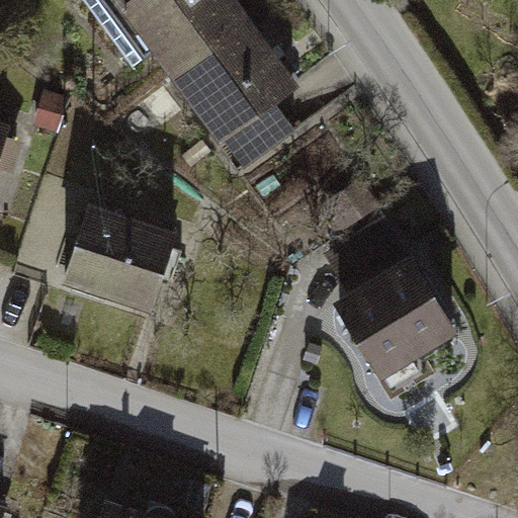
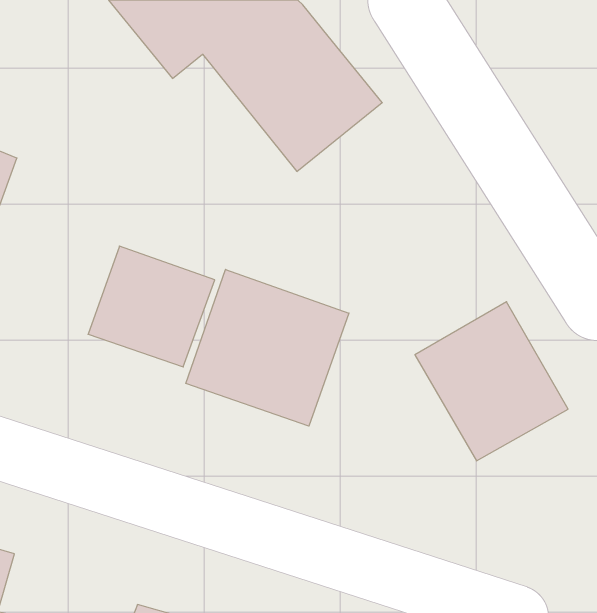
building: none -> [186,269,349,426]

